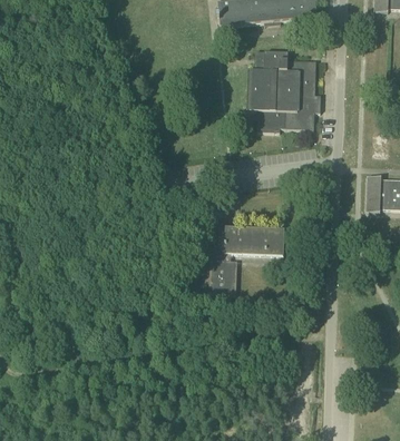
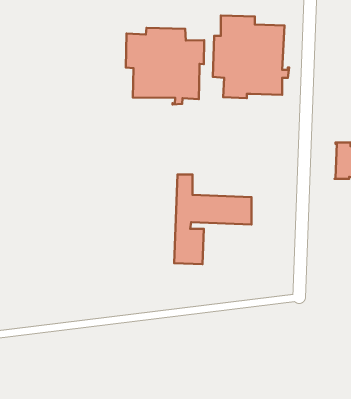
building: none -> [126,28,204,104]

